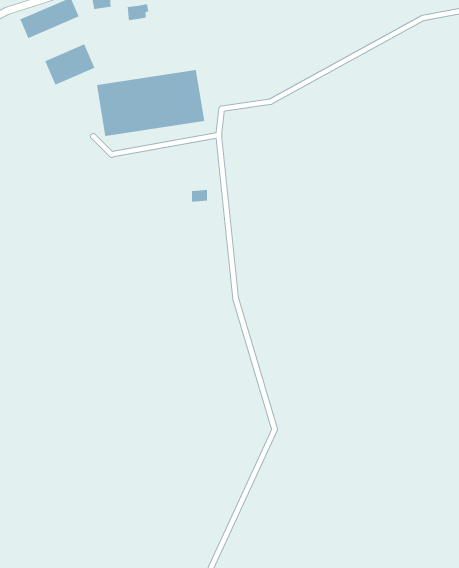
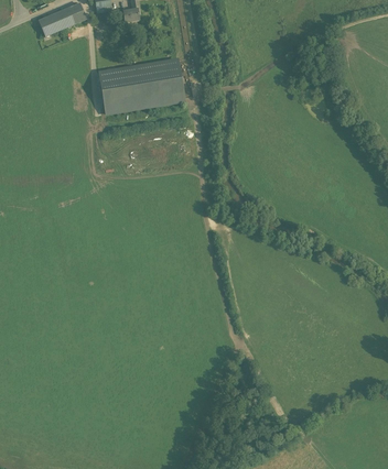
building: [44,43,95,85] -> none

